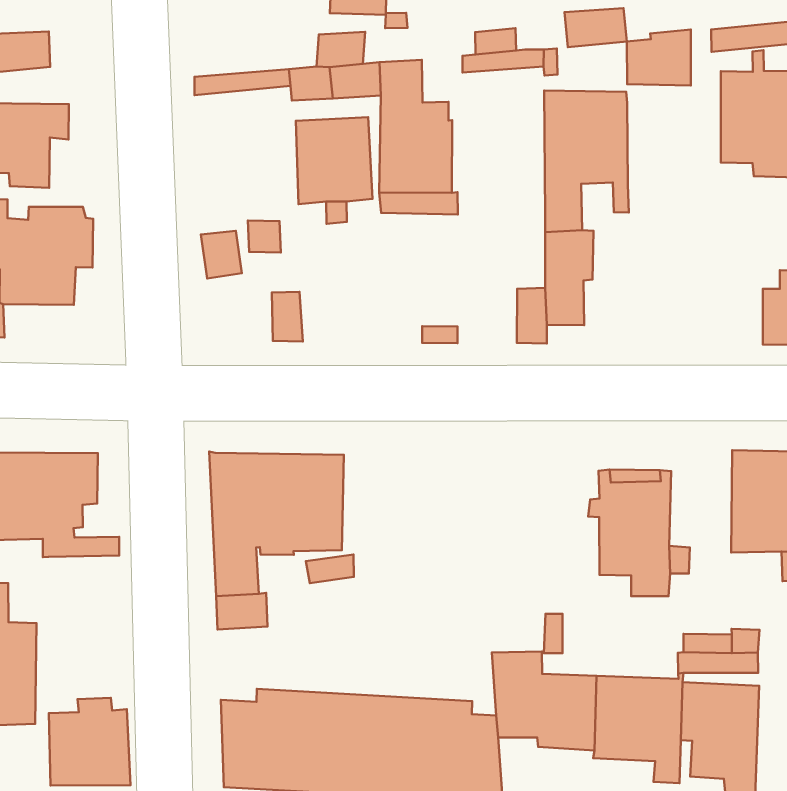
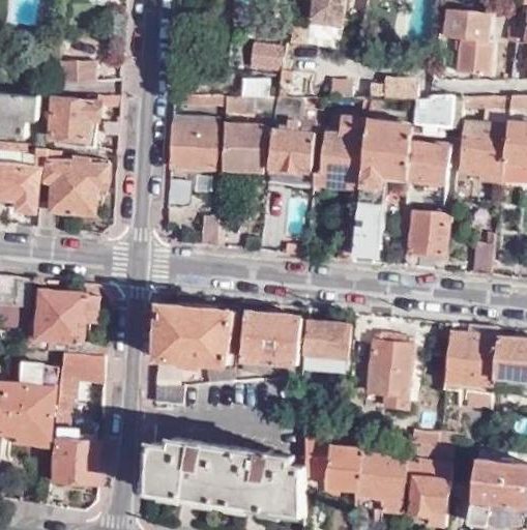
building: none -> [312,115,365,195]
building: none -> [407,132,448,181]
building: none -> [169,123,218,171]
building: none -> [408,201,451,256]
building: none -> [242,315,303,374]
building: none -> [302,322,352,373]
building: none -> [55,353,104,423]

